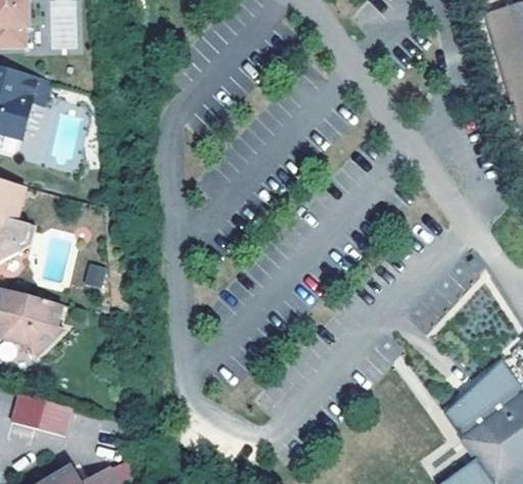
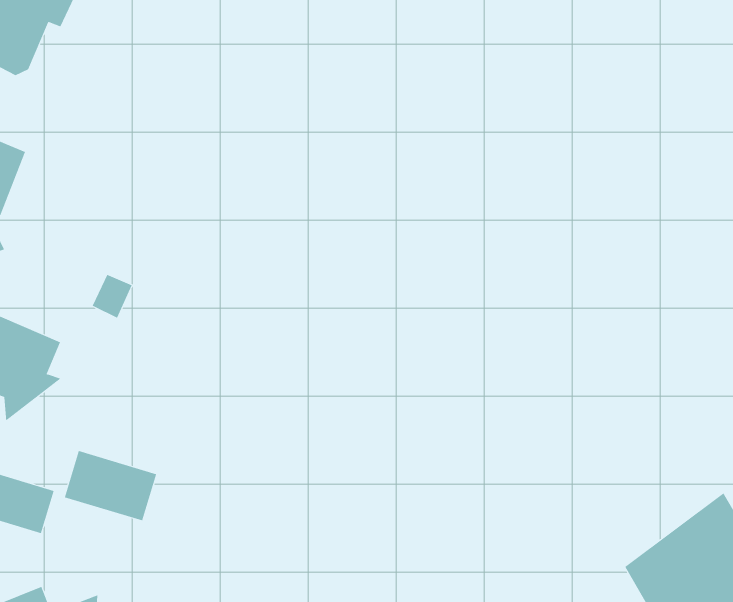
building: none -> [64,450,157,521]

